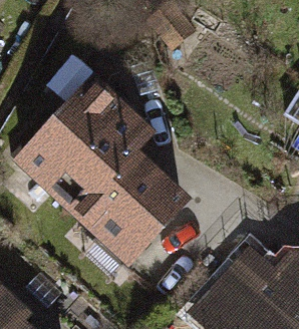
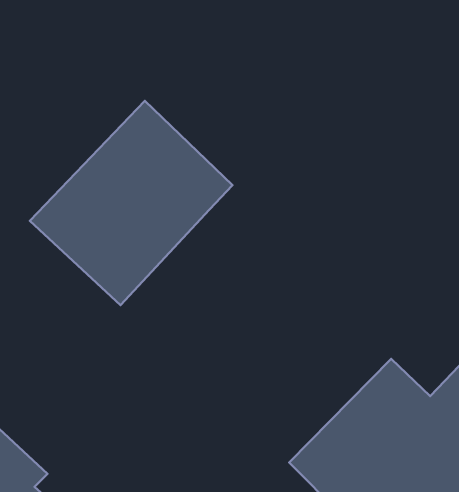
building: [78,150,185,257] -> none

